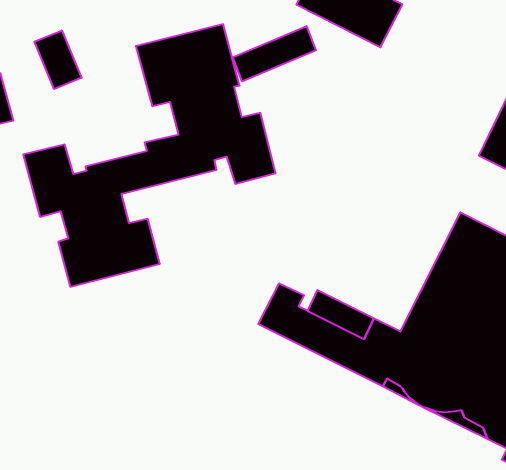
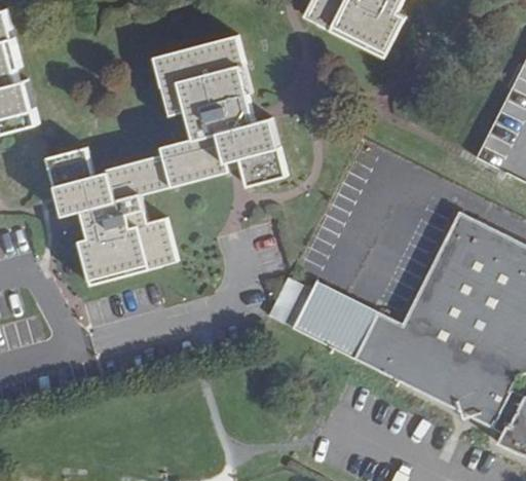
building: [233,26,316,81] -> none
building: [34,30,82,89] -> none

